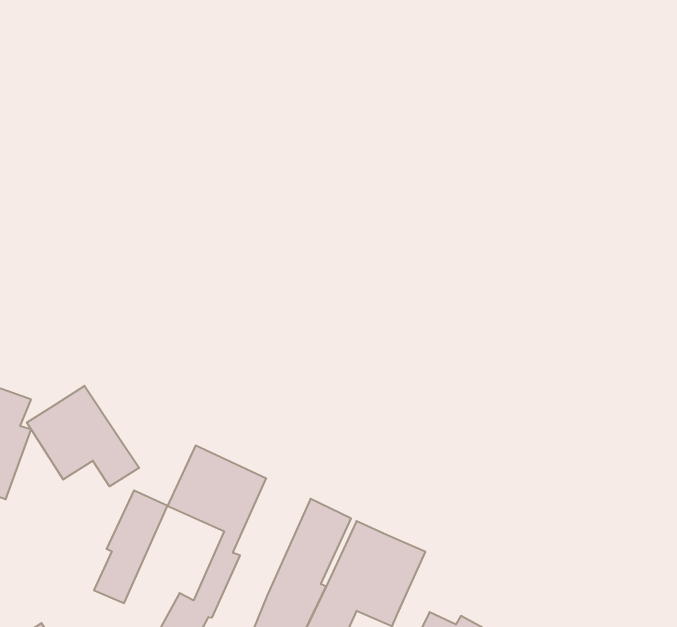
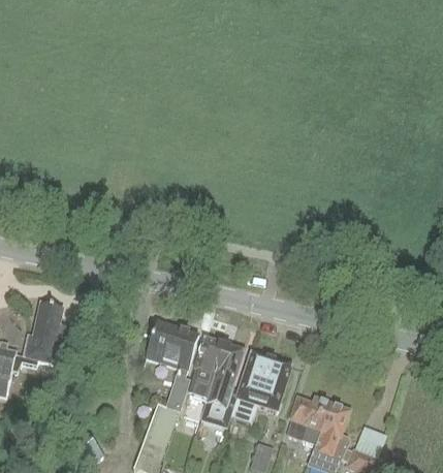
building: [27,386,139,486] -> none
building: [94,490,168,603] -> [189,337,224,400]

